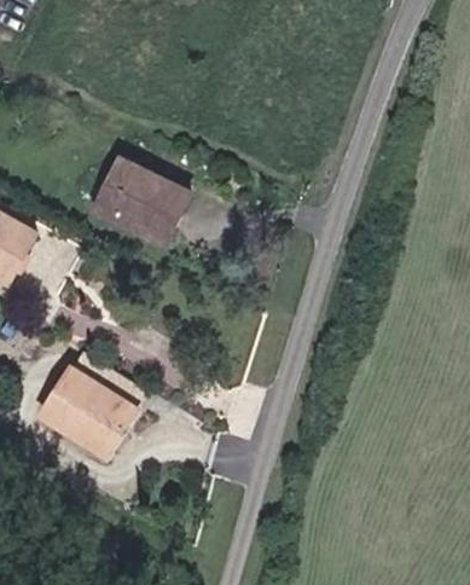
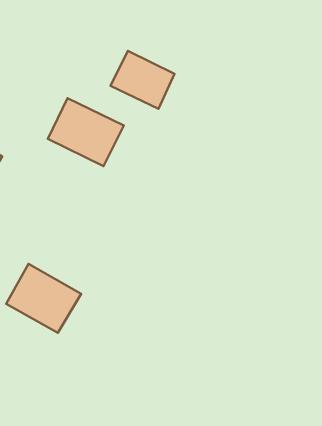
building: none -> [111,51,174,109]

